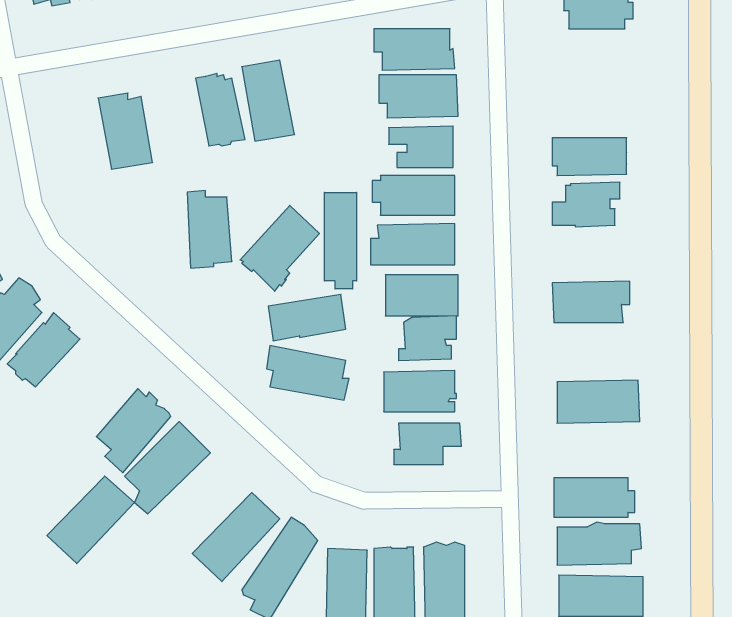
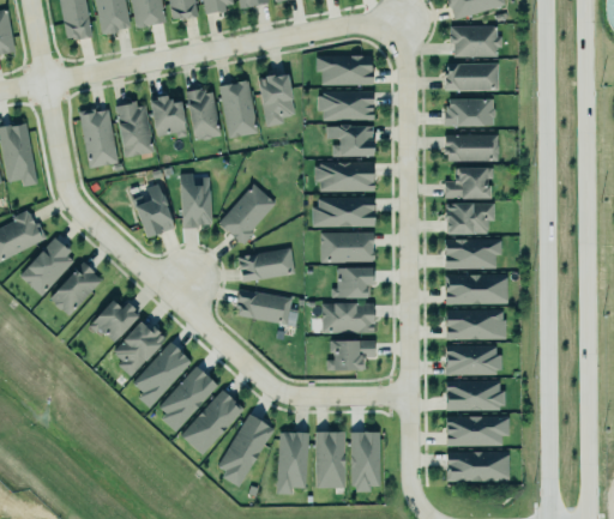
building: none -> [447,65,500,92]
building: none -> [257,74,295,126]
building: none -> [148,95,186,138]
building: none -> [443,98,495,126]
building: none -> [79,104,120,165]
building: [324,192,357,289] -> none
building: none -> [136,185,176,239]
building: none -> [447,200,495,230]
building: none -> [446,272,507,303]
building: none -> [88,292,140,340]
building: none -> [445,344,502,374]
building: [47,476,134,564] -> [157,368,221,432]

